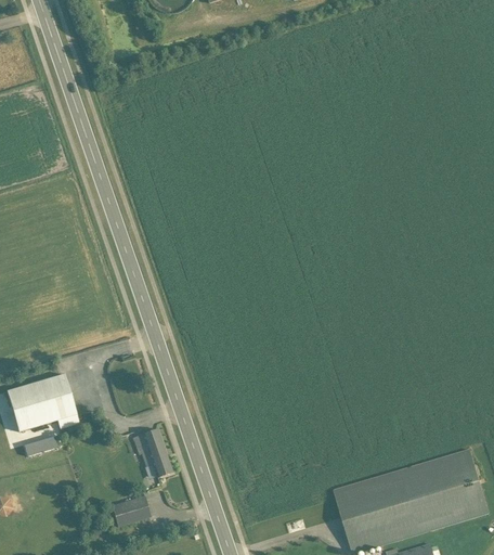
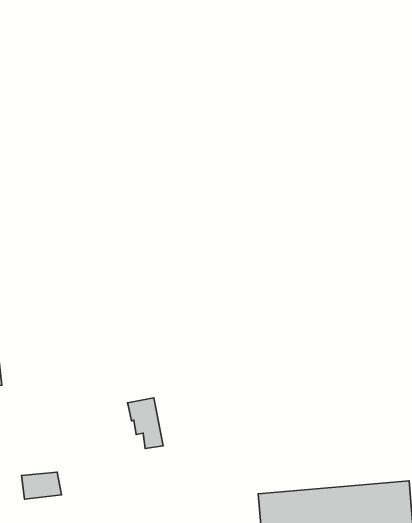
building: [131,428,171,477] -> [127,398,163,449]

